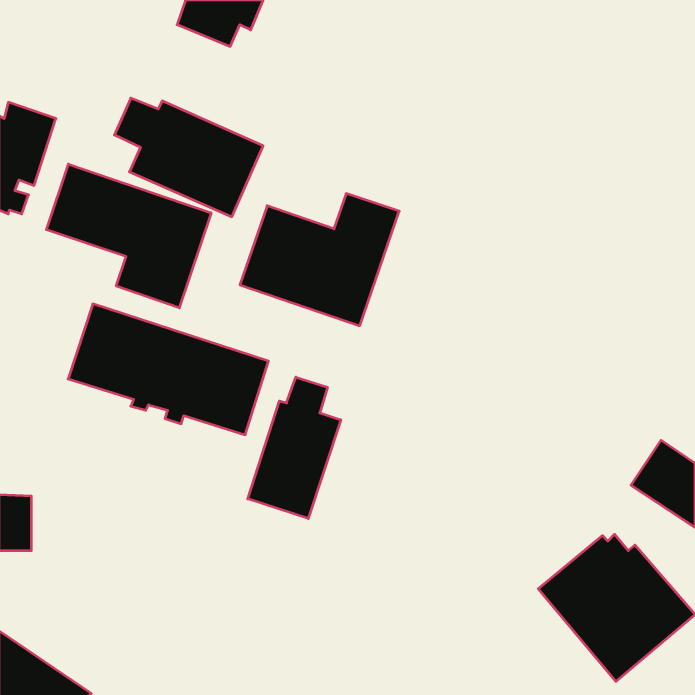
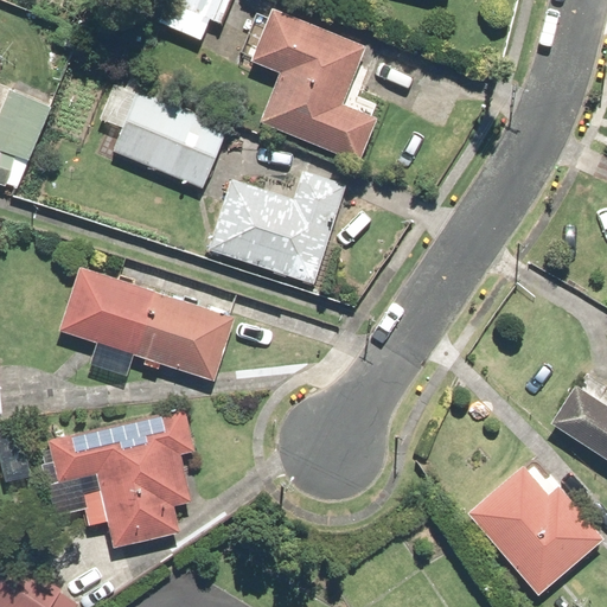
building: none -> [250,9,377,161]
building: [46,164,211,308] -> none
building: [248,377,341,519] -> none
building: none -> [51,409,194,549]

